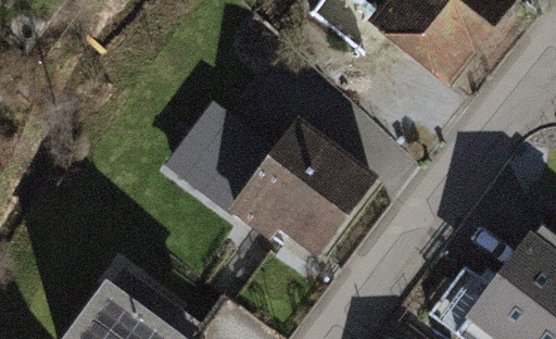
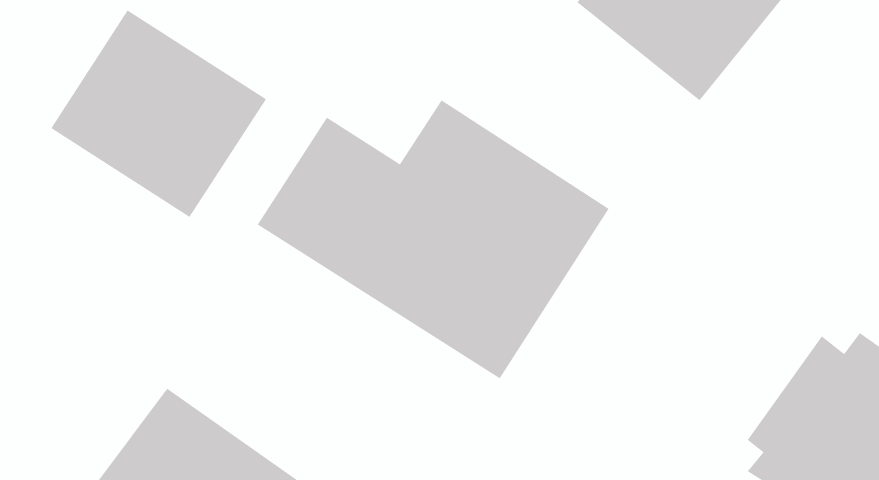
building: none -> [50,9,267,218]

